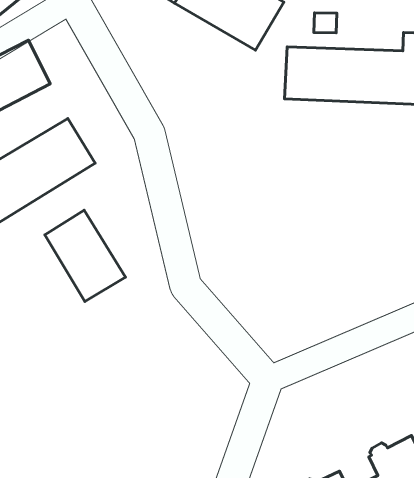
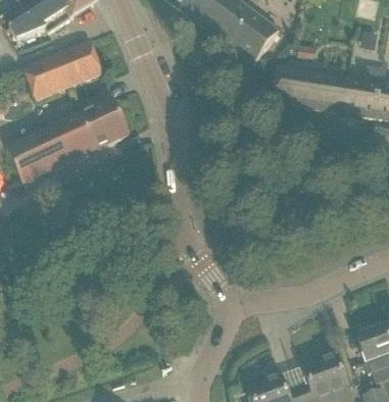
building: [45,210,125,301] -> none

